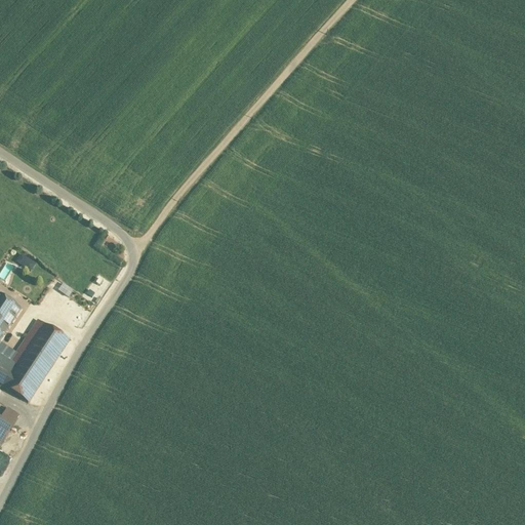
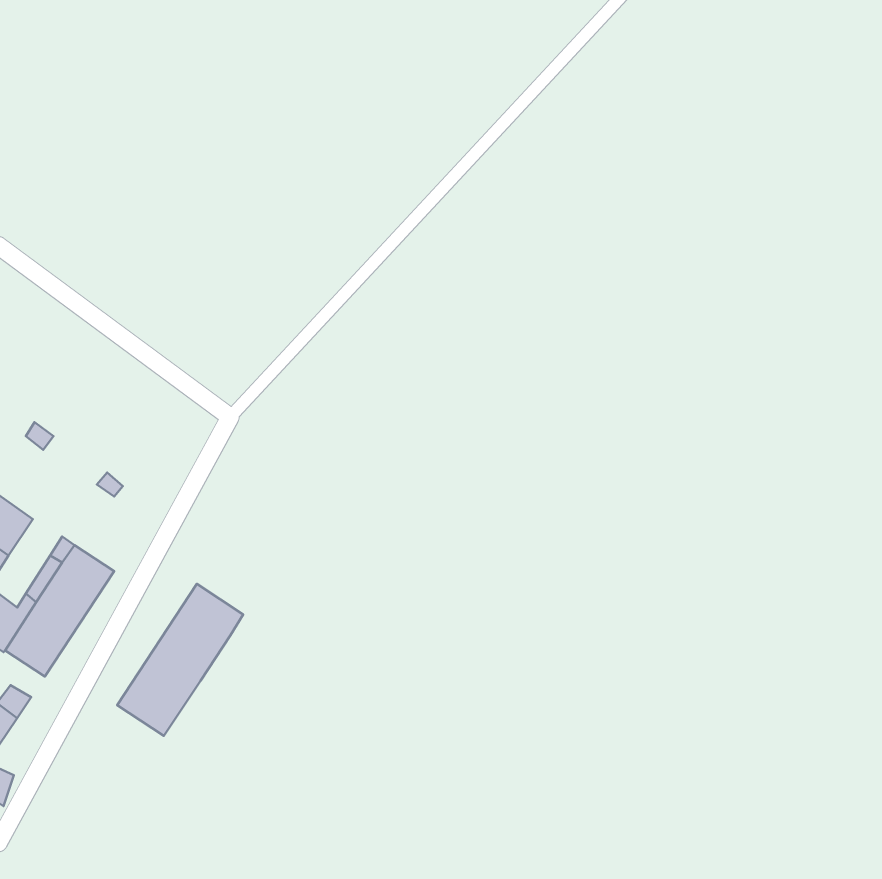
building: none -> [117,584,243,736]

